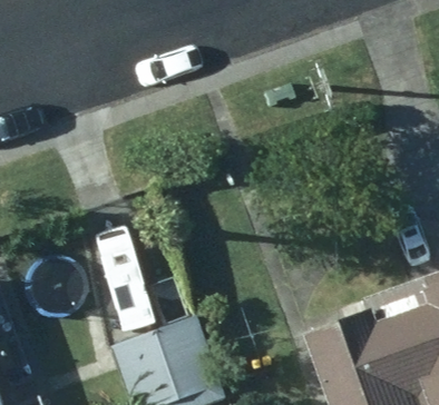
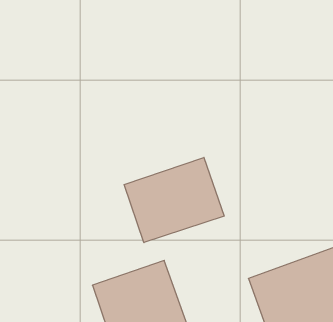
building: none -> [124,157,224,243]

